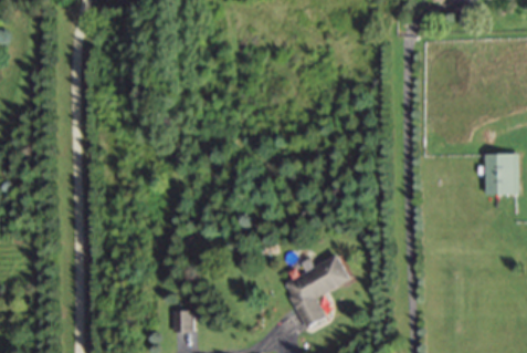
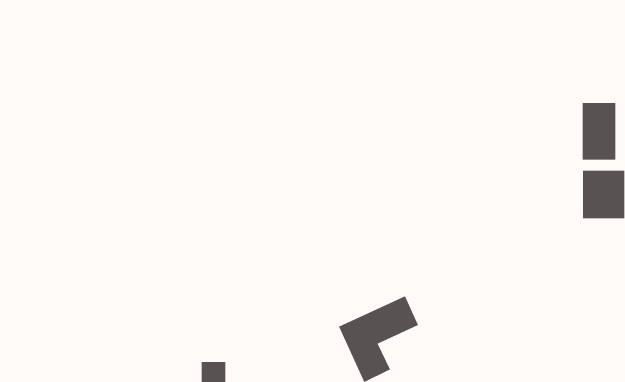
building: none -> [582,102,616,160]

